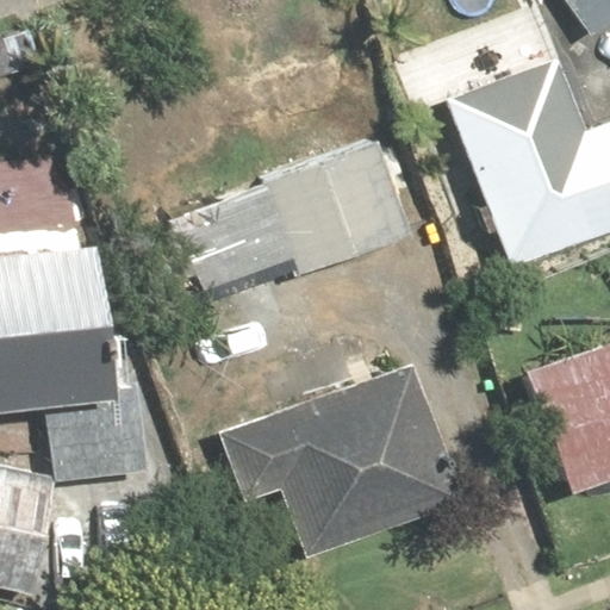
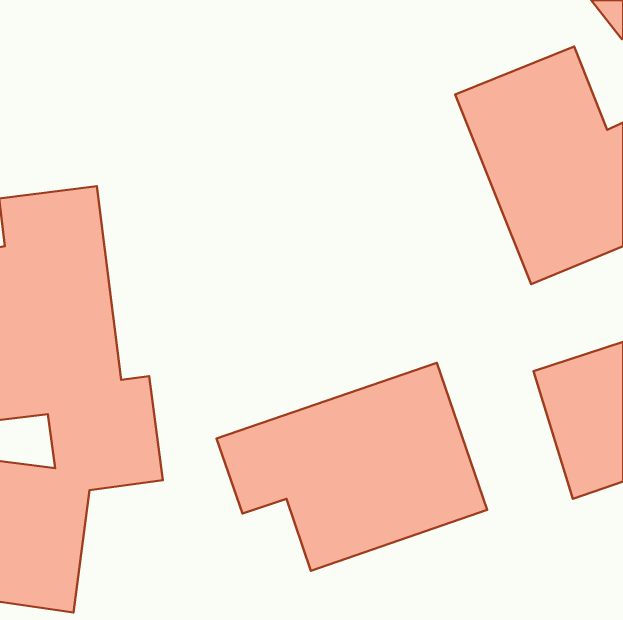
building: [179,132,417,304] -> none

